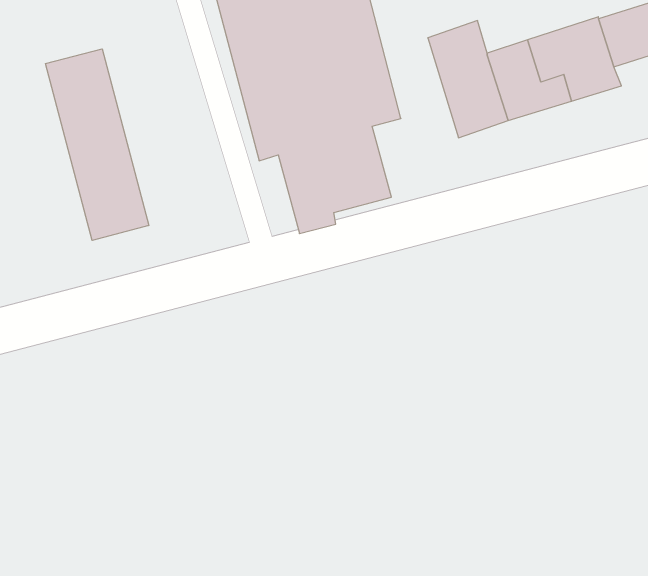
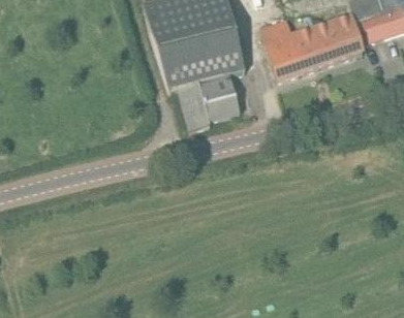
building: [45,49,149,240] -> none

